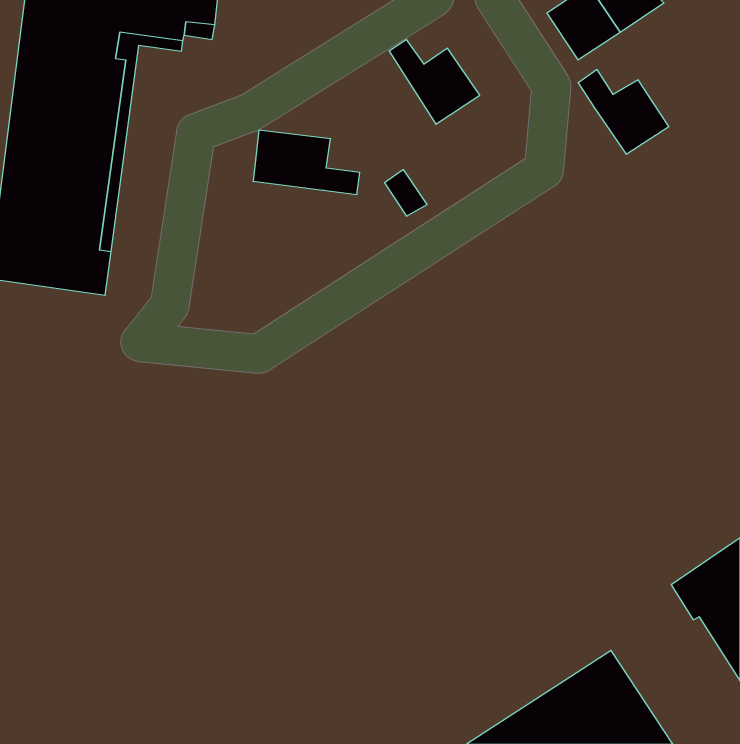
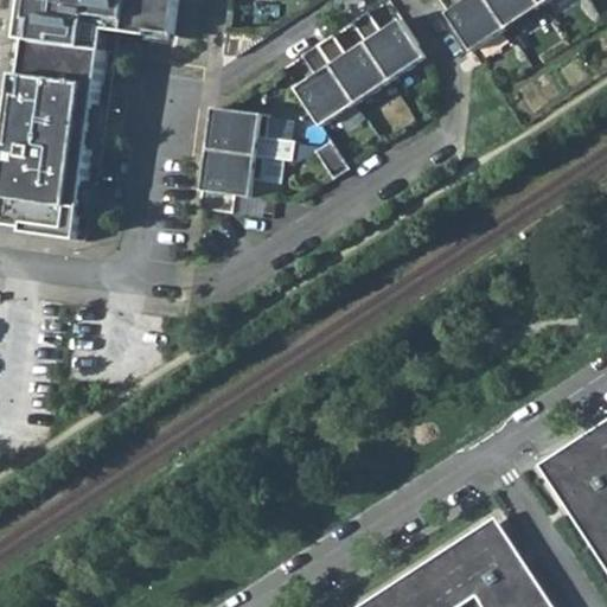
building: none -> [293,41,353,123]
building: [578,70,669,154] -> [350,8,423,77]
building: none -> [197,147,262,211]

